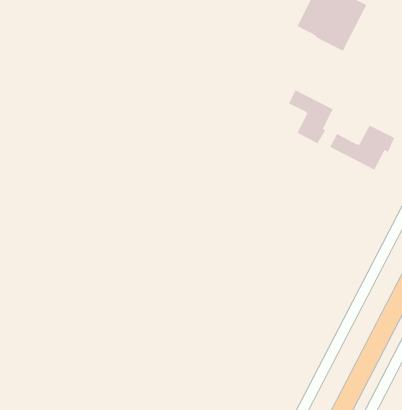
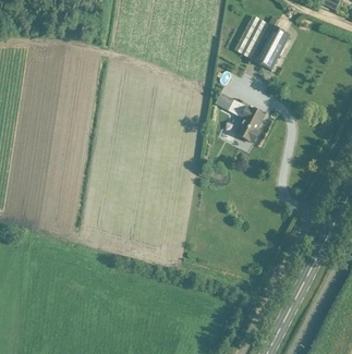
building: [329,125,395,170] -> none

